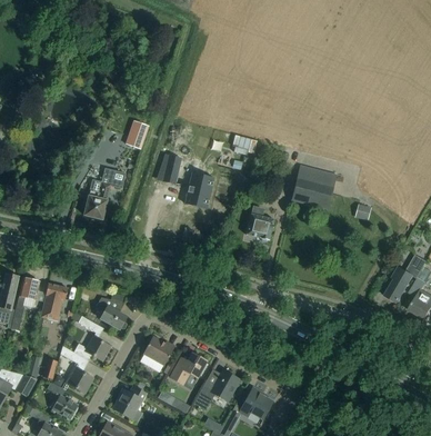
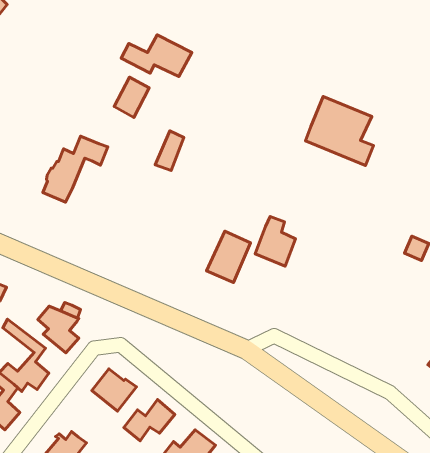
building: none -> [121,35,192,76]
building: [292,166,342,211] -> [306,96,373,166]
building: [186,175,214,211] -> [206,231,250,283]

